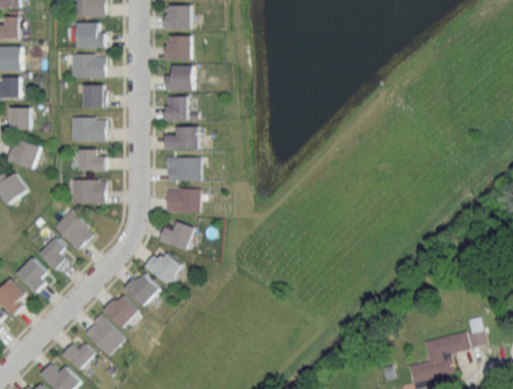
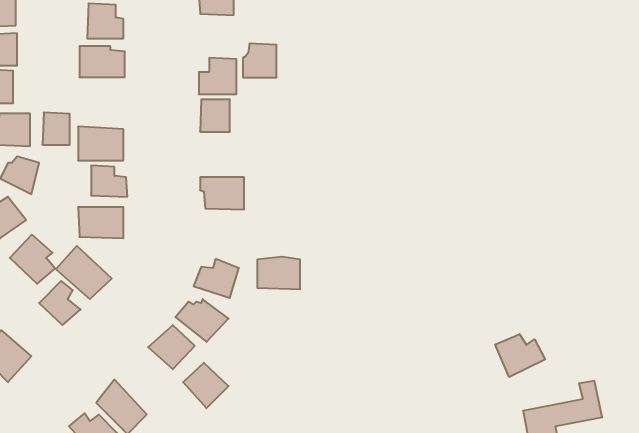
building: [165,34,191,60] -> [243,44,277,77]
building: [82,84,104,110] -> [42,112,70,145]
building: [166,126,199,150] -> none
building: [166,188,199,213] -> [257,257,300,289]
building: [15,257,51,296] -> [10,235,55,284]
building: none -> [495,334,545,377]
building: [104,294,139,329] -> [183,363,229,408]

